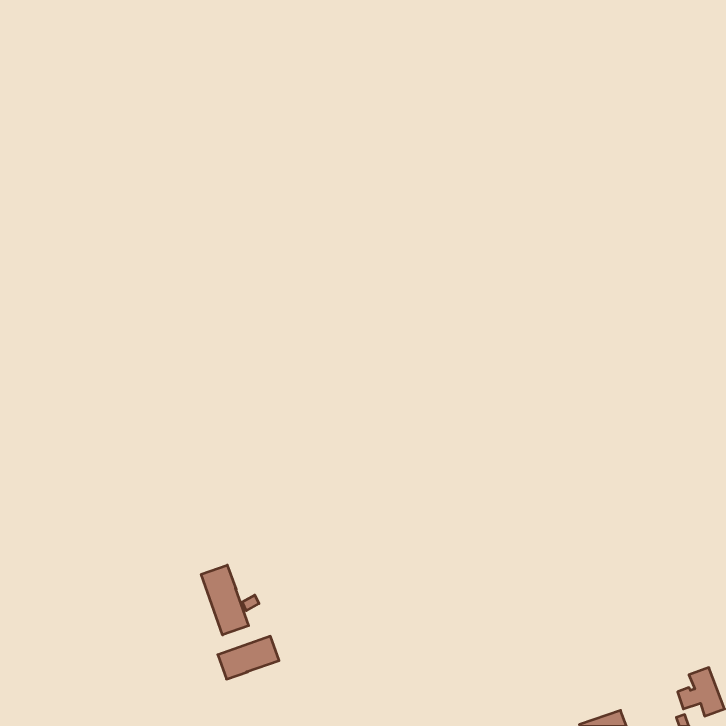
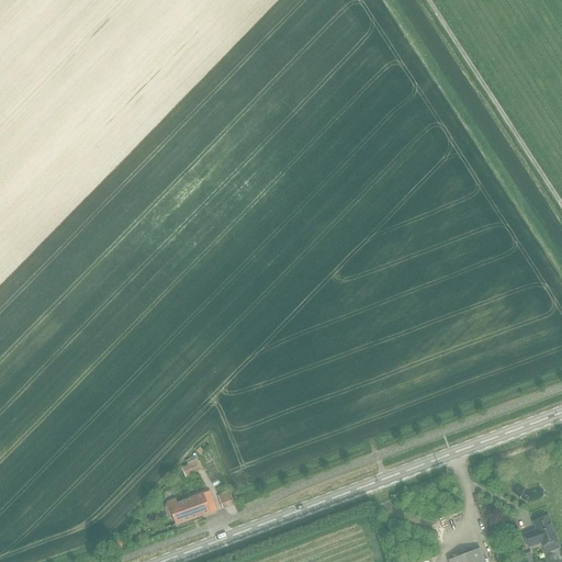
building: [201,565,249,635] -> none

